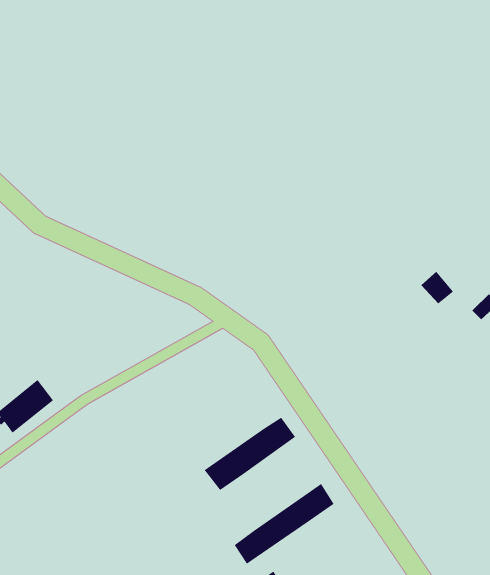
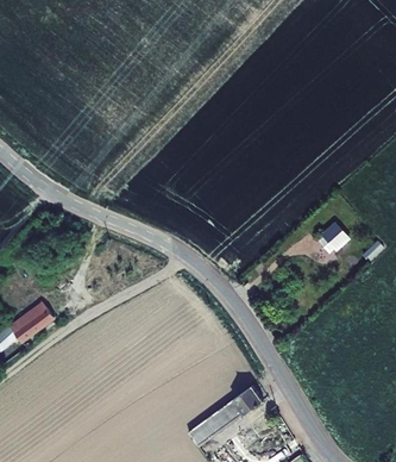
building: [204,417,296,491] -> none

